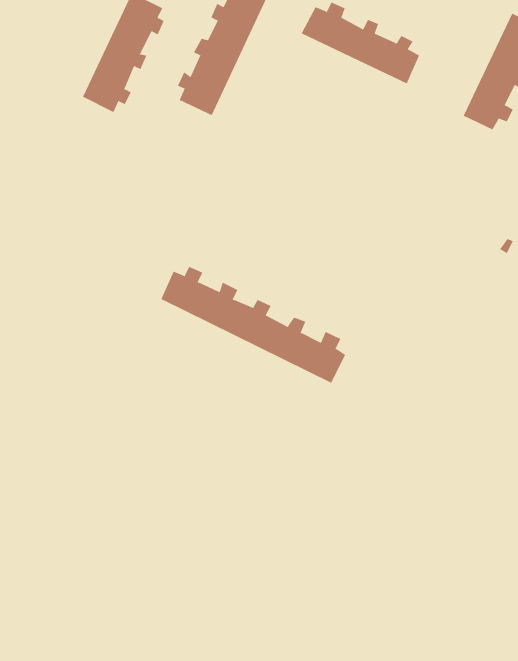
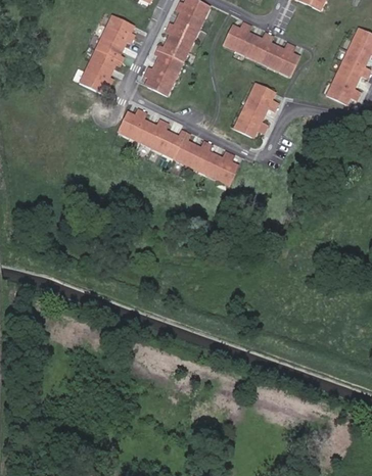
building: none -> [234,84,278,138]
building: [160,266,346,383] -> [119,108,238,184]

